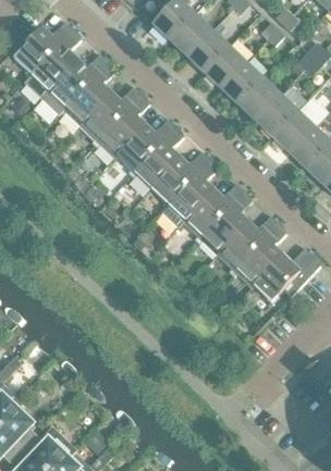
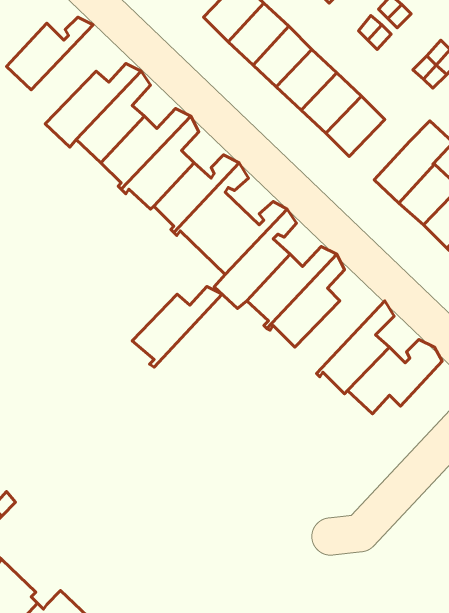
building: [24,28,82,98] -> none
building: [255,86,306,137] -> none
building: [217,216,280,273] -> [132,287,222,367]

